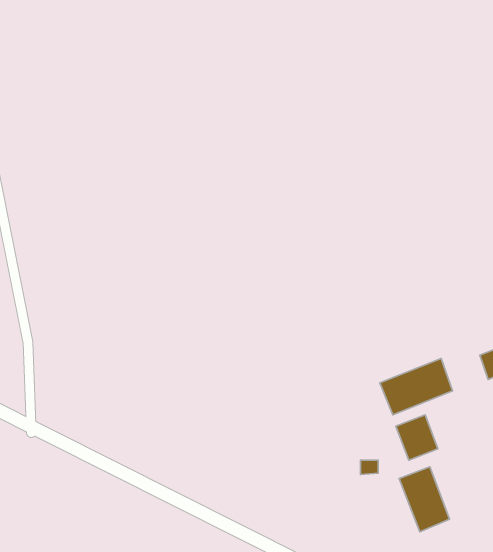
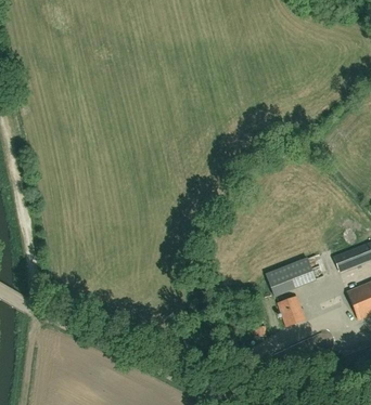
building: [399,467,449,532] -> none

